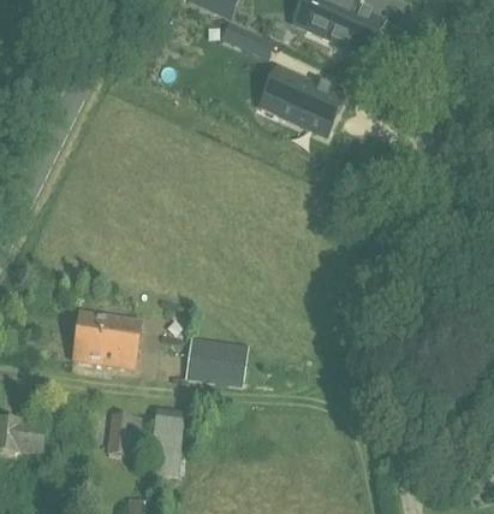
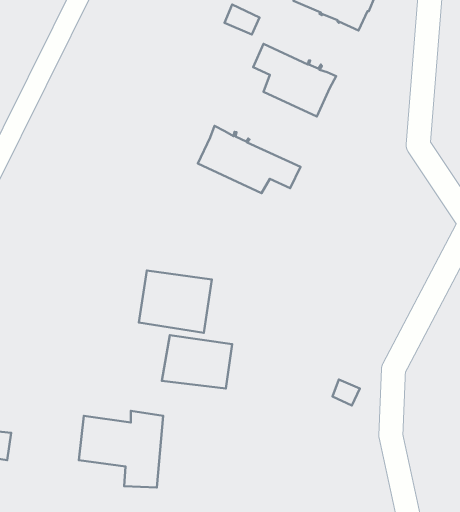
building: none -> [198,126,300,193]
building: [71,312,138,370] -> [139,270,212,333]

